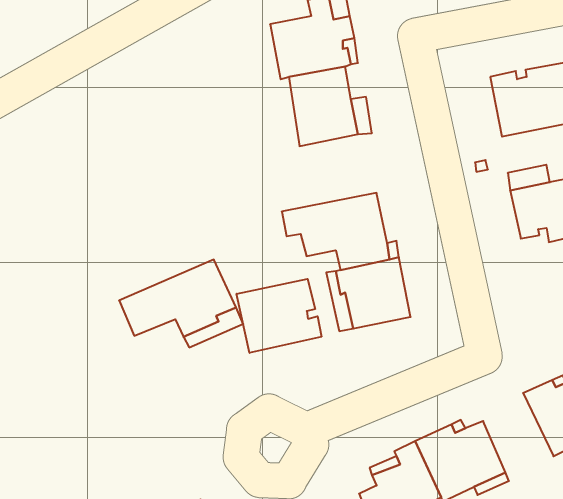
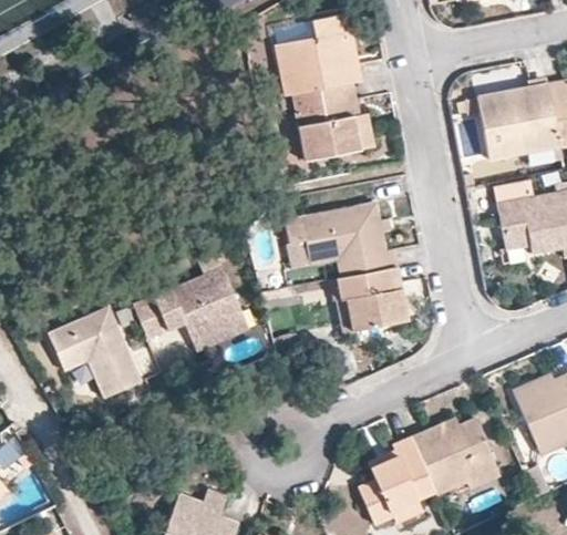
building: [237,279,321,353] -> none
building: none -> [44,311,136,401]

